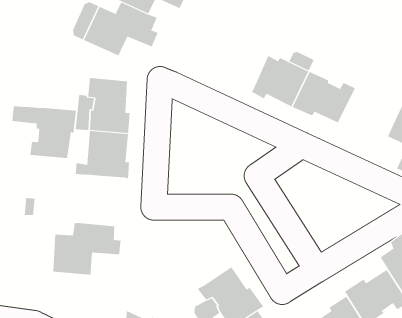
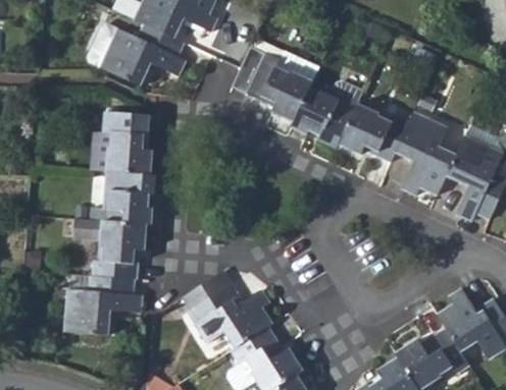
building: none -> [231,45,318,121]
building: none -> [394,112,455,194]
building: [11,106,77,159] -> [71,219,146,279]
building: none -> [188,272,290,347]

